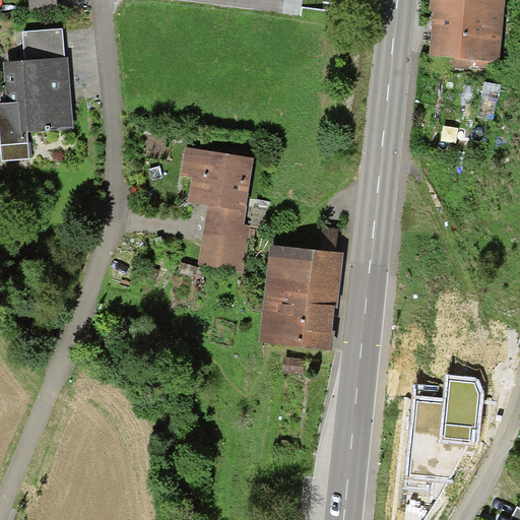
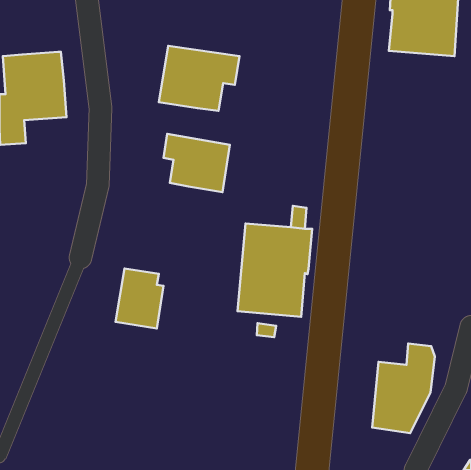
building: [21,28,64,60] -> none
building: none -> [159,46,240,111]
building: [197,205,250,271] -> [115,268,163,328]

